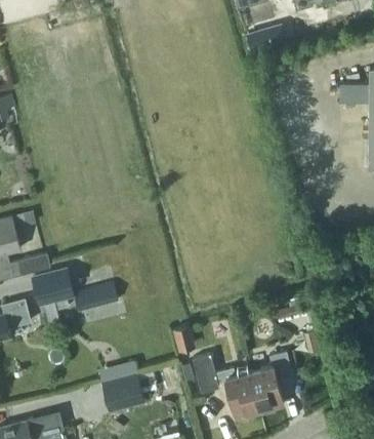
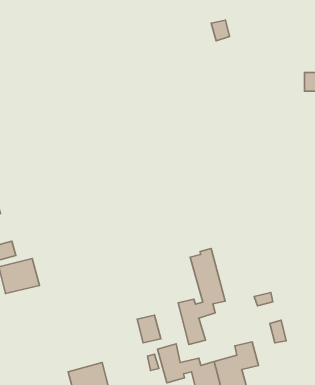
building: none -> [178,248,225,345]
building: [74,282,119,312] -> none

